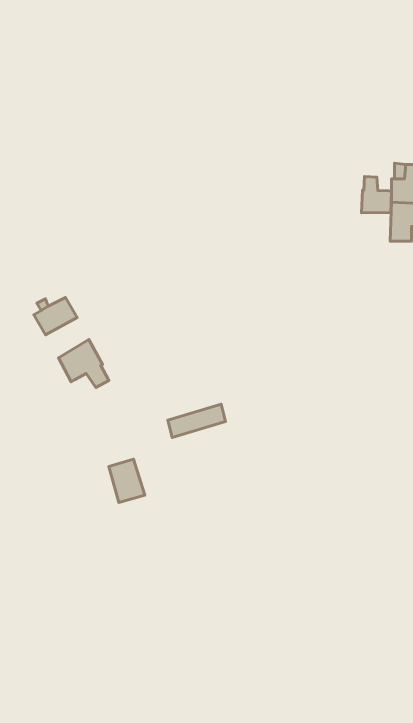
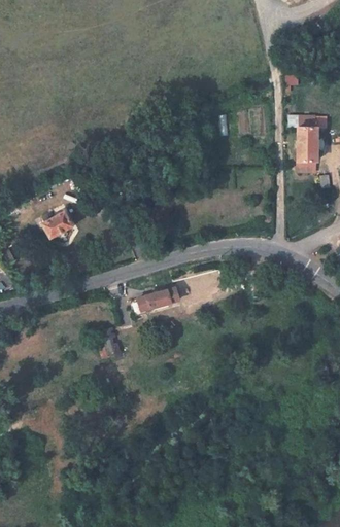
building: [362,177,391,213] -> none
building: [58,339,109,388] -> none

